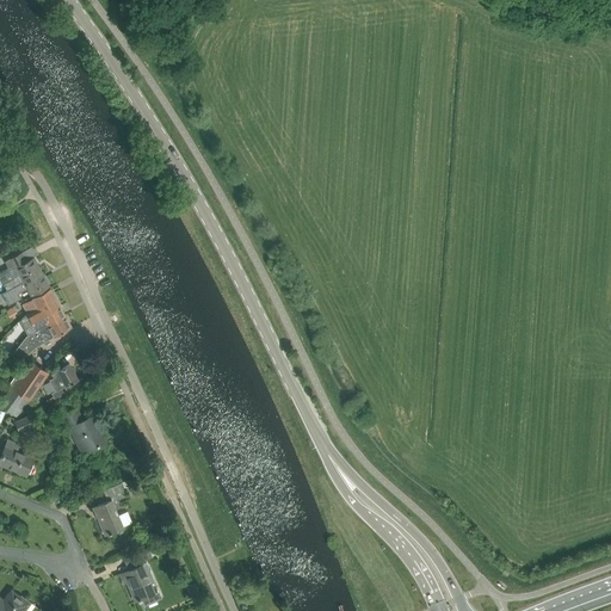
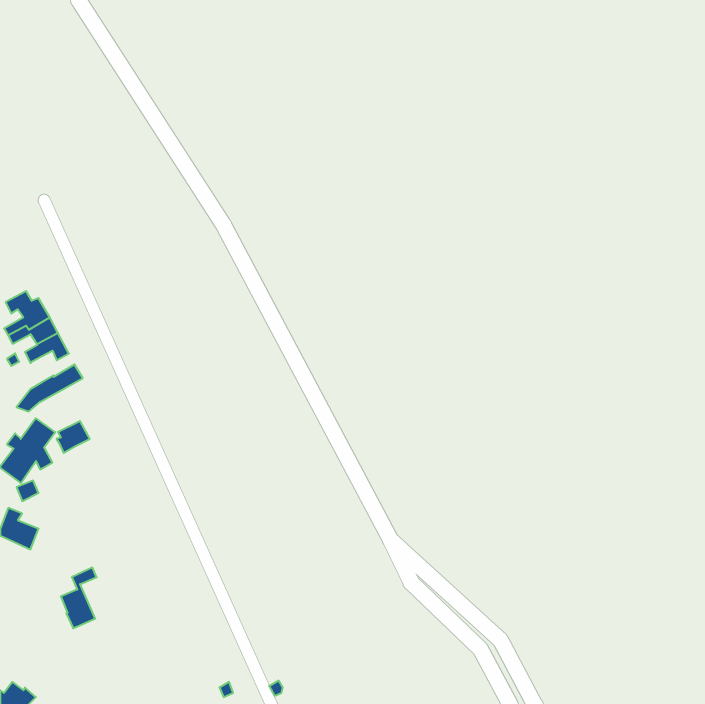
building: [26,304,64,332] -> none
building: [62,408,105,455] -> none
building: [93,483,124,536] -> [61,568,97,628]
building: [121,550,155,603] -> none

